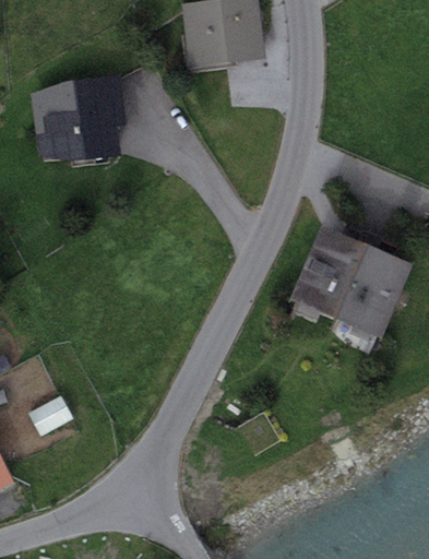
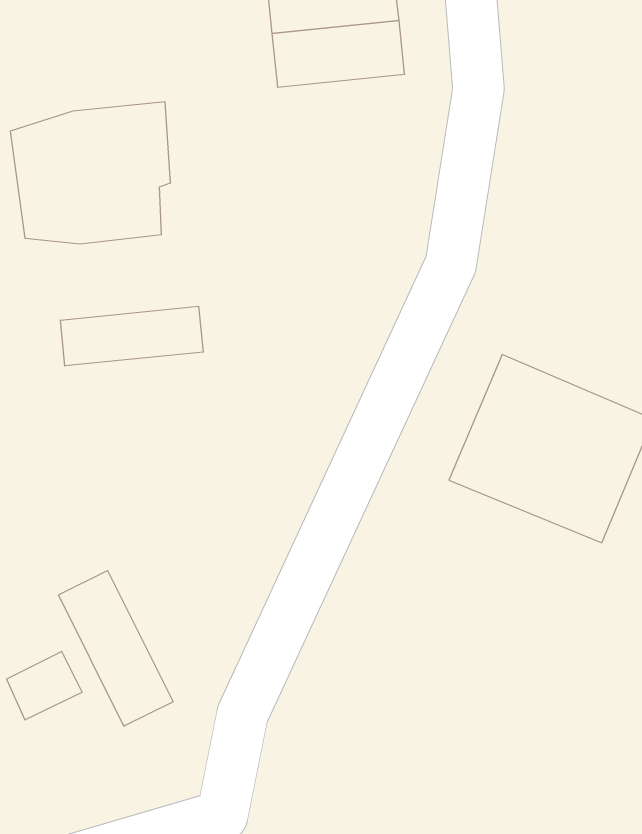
building: none -> [61,306,203,366]
building: none -> [58,571,173,726]

